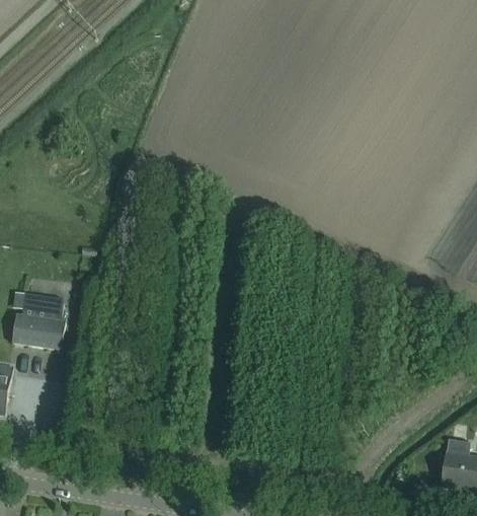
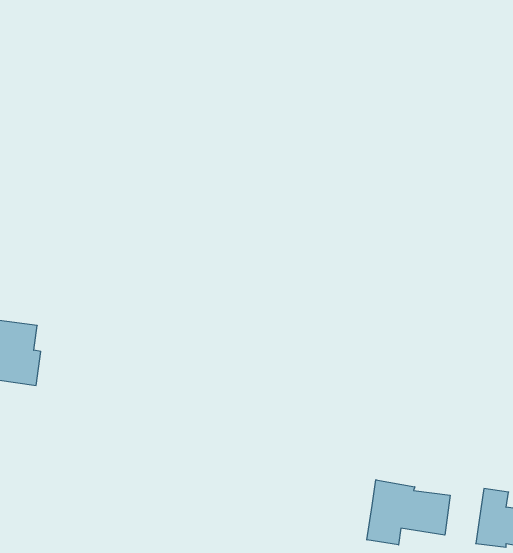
building: none -> [367,480,450,545]

